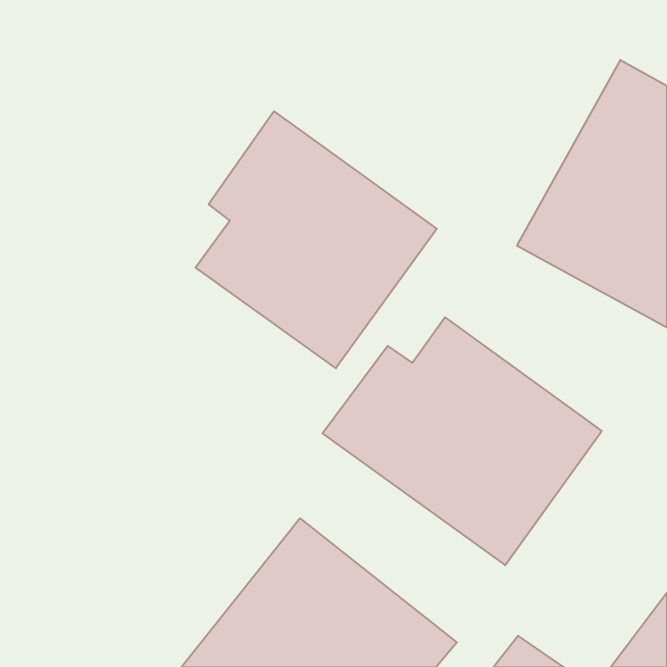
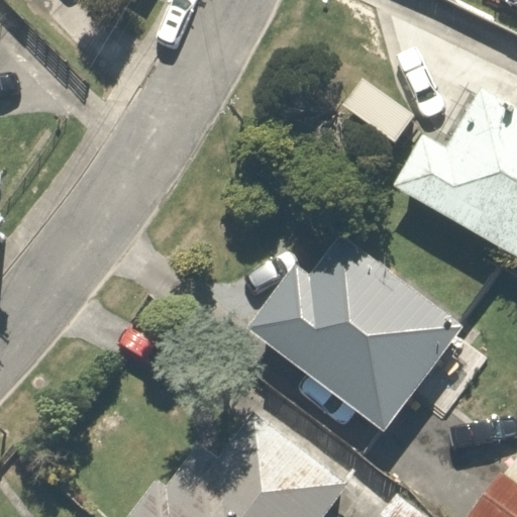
building: [196,111,437,368] -> none

